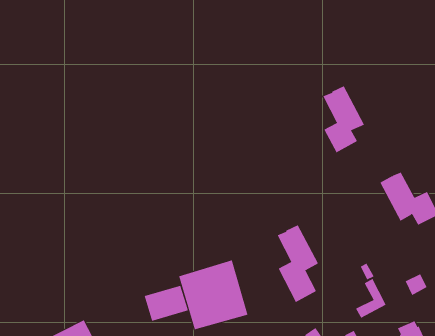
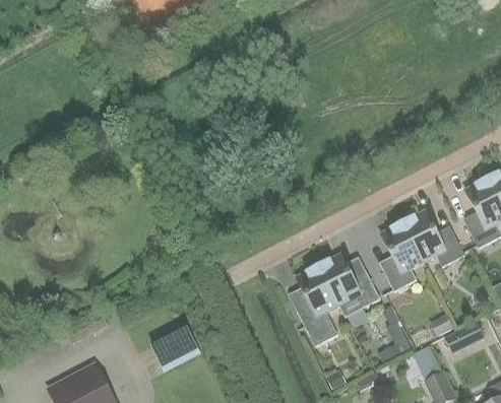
building: [323,86,365,153] -> [380,220,424,290]
building: none -> [318,253,380,310]
building: [178,259,248,330] -> none

